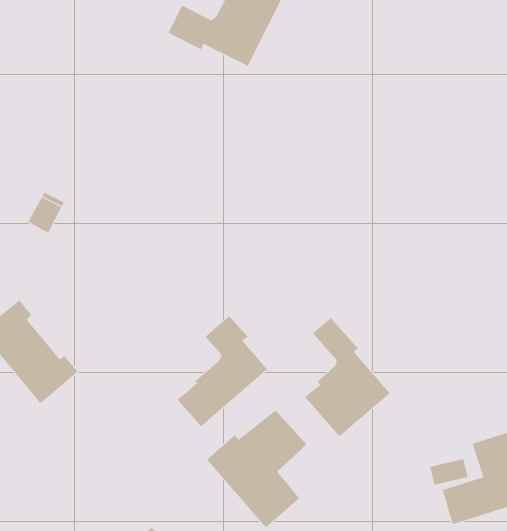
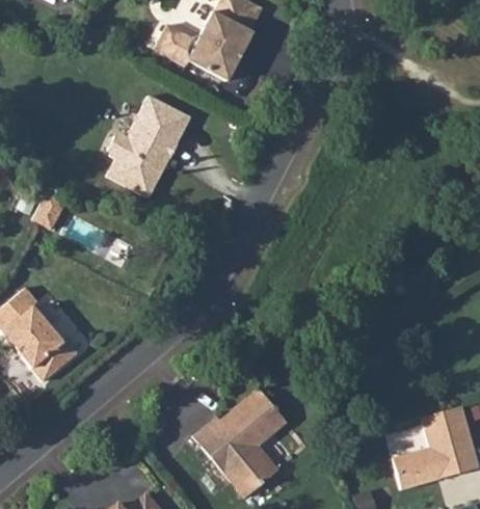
building: none -> [108,97,189,197]
building: [177,315,268,427] -> none
building: [304,317,390,437] -> none

